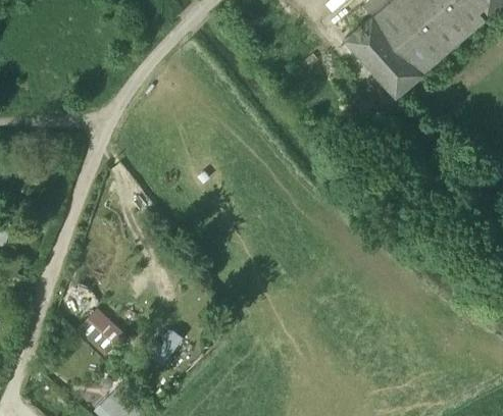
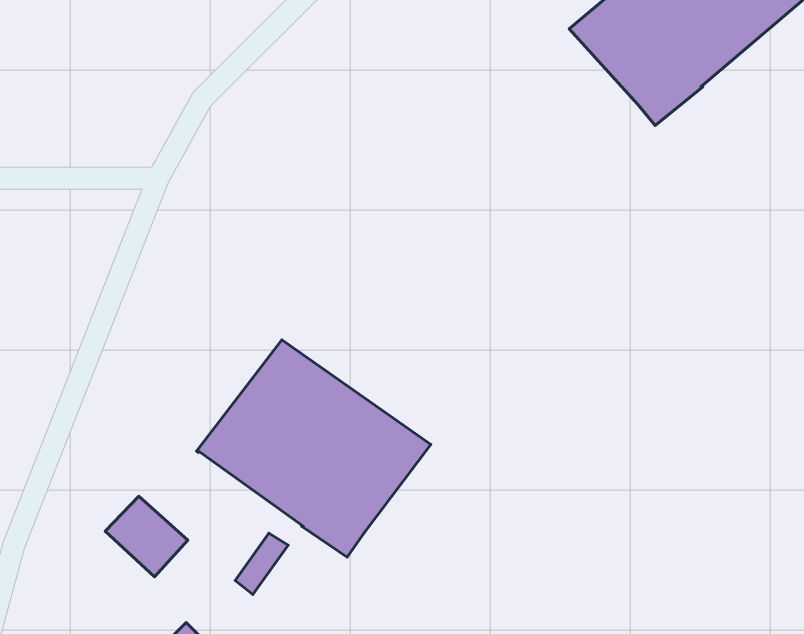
building: none -> [197,340,431,557]

